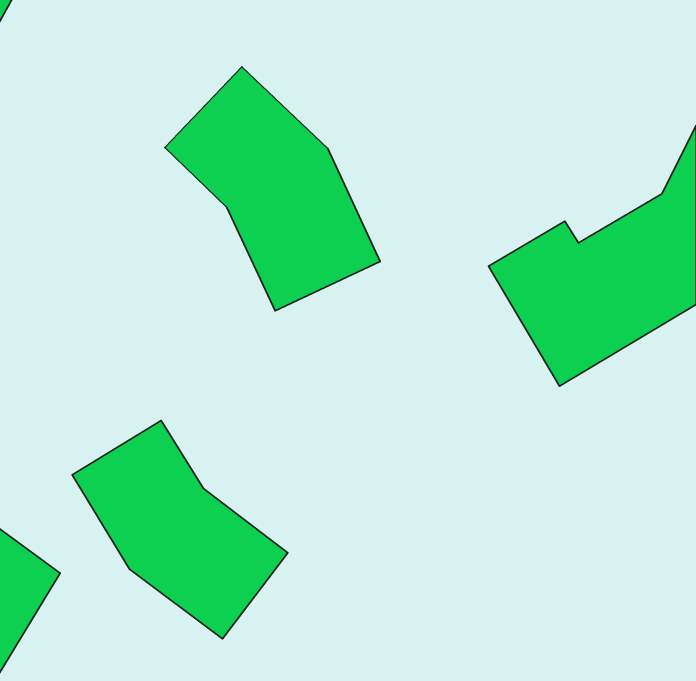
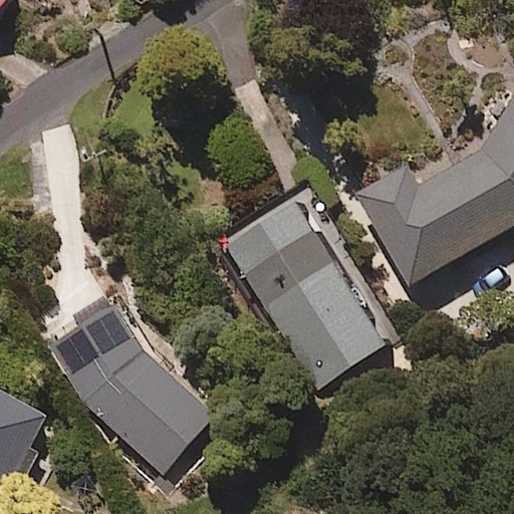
building: [165,67,380,311] -> none
building: none -> [227,203,383,382]

